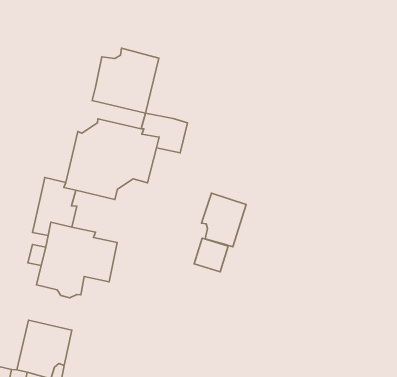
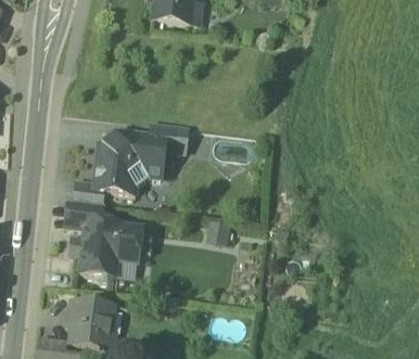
building: [92,48,159,113] -> none
building: [202,193,246,247] -> none

